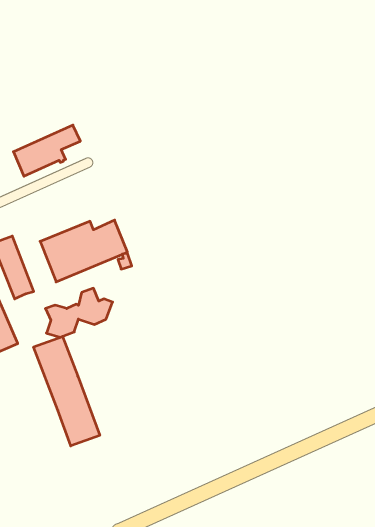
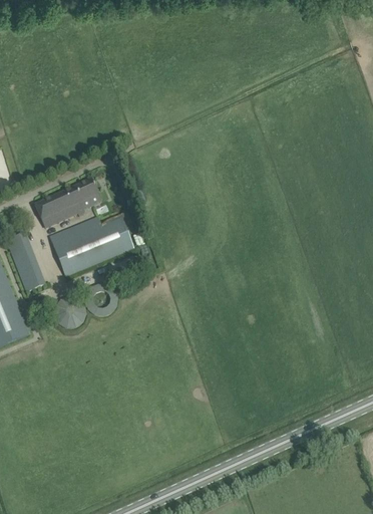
building: [13,125,80,176] -> [35,179,98,227]
building: [34,336,100,446] -> none

